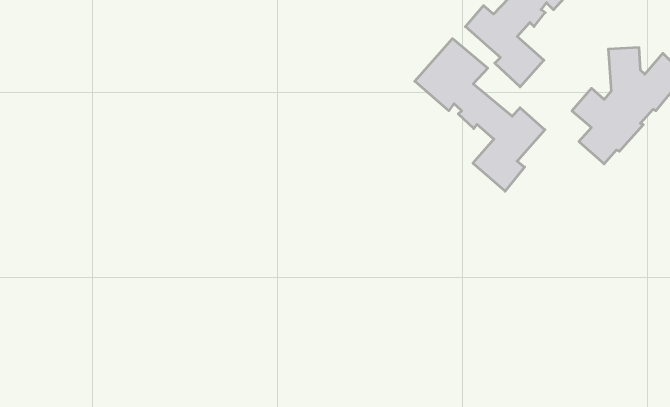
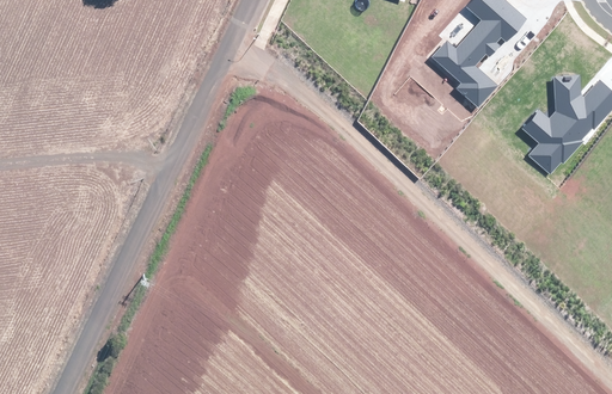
building: [415,39,545,191] -> none

